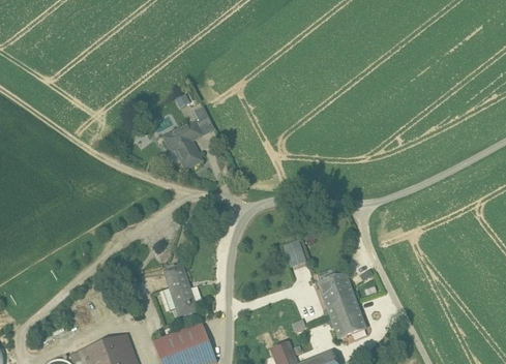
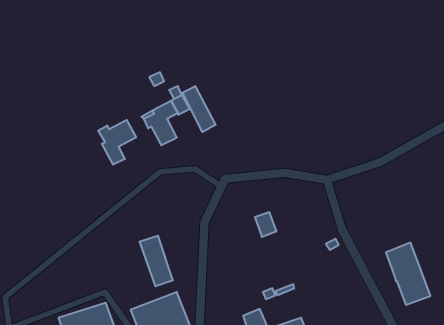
building: none -> [183,86,216,132]
building: none -> [98,120,136,165]
building: [319,274,365,339] -> [386,243,430,305]

